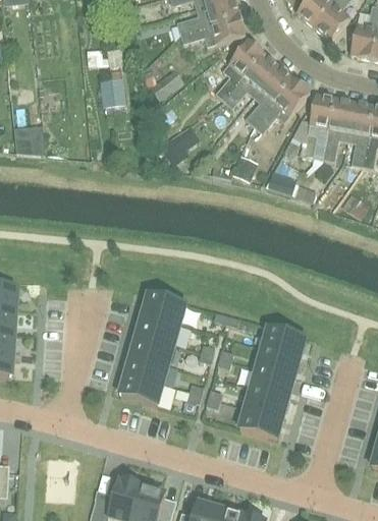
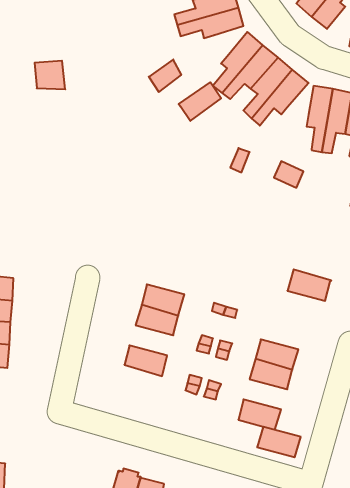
building: [100,77,125,106] -> none
building: none -> [179,82,221,121]
building: [13,124,44,153] -> [35,61,65,89]
building: [262,326,306,357] -> [287,269,331,301]
building: [130,333,174,363] -> none
building: [119,372,163,404] -> none
building: [245,387,288,417] -> [257,427,301,457]

